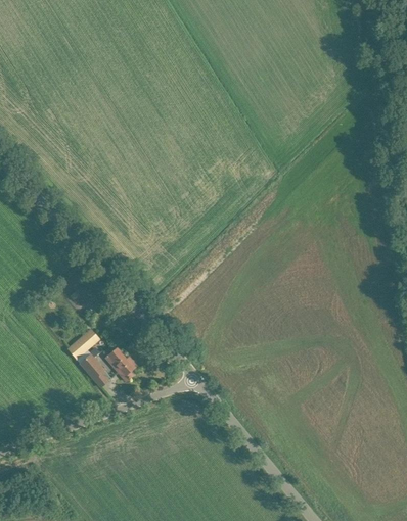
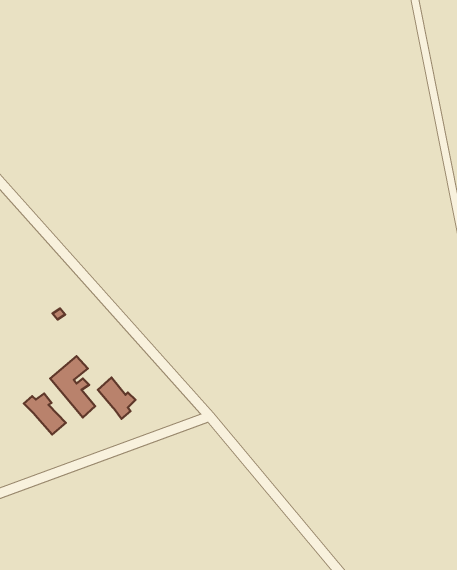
building: none -> [24,393,66,434]

